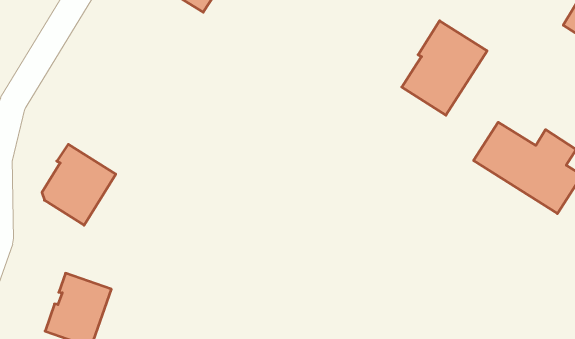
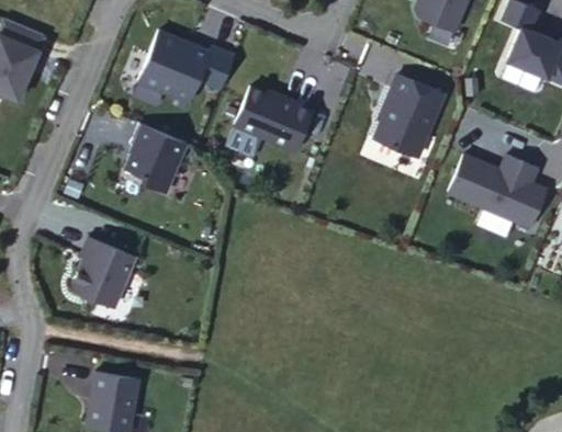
building: none -> [234,90,313,155]
building: none -> [124,125,186,194]

